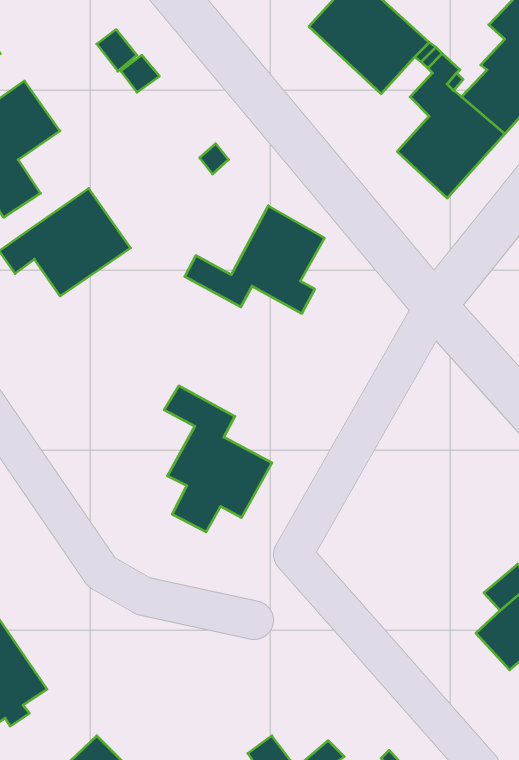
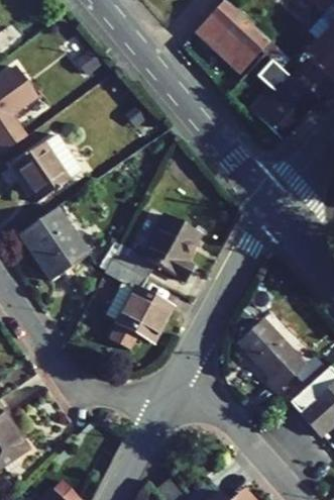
building: [185,206,324,313] -> [113,213,201,281]
building: none -> [19,206,90,280]
building: none -> [238,318,307,392]

